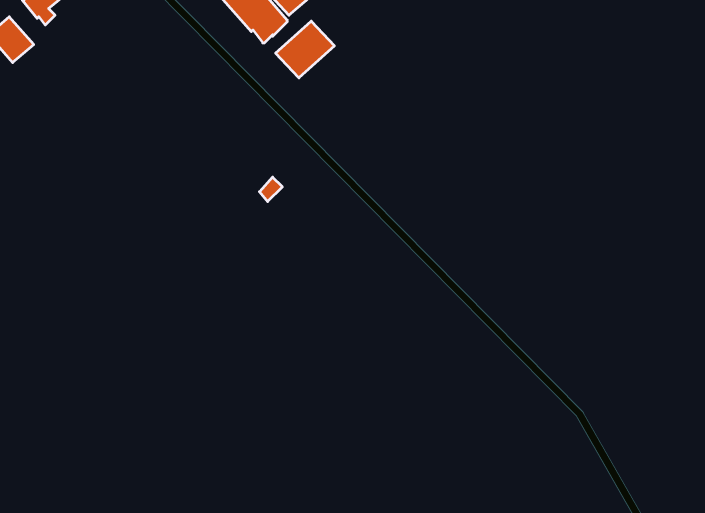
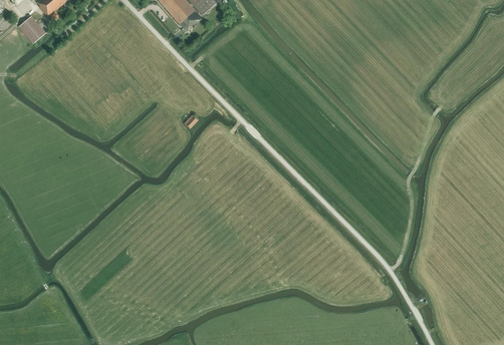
building: [276,21,334,78] -> none

